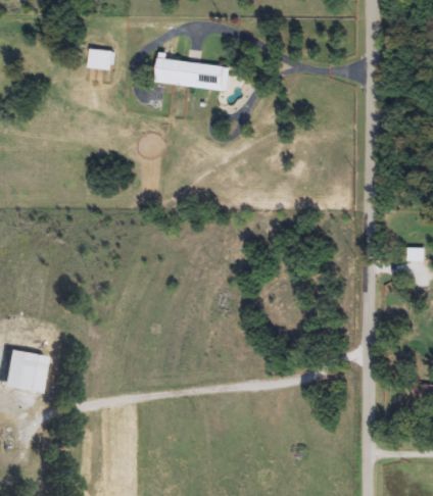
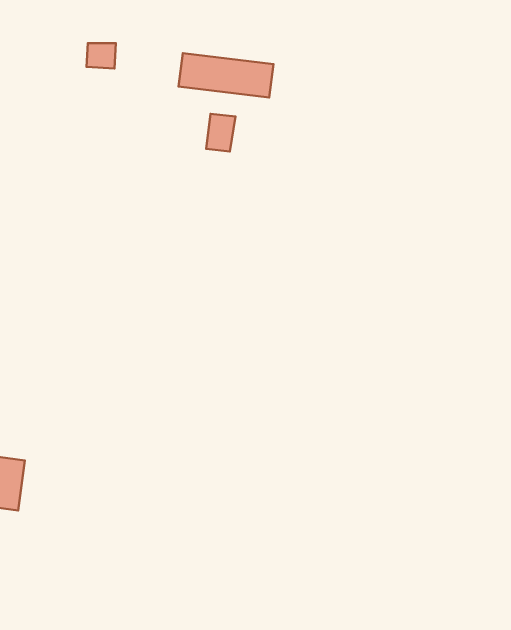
building: none -> [206,114,235,151]

